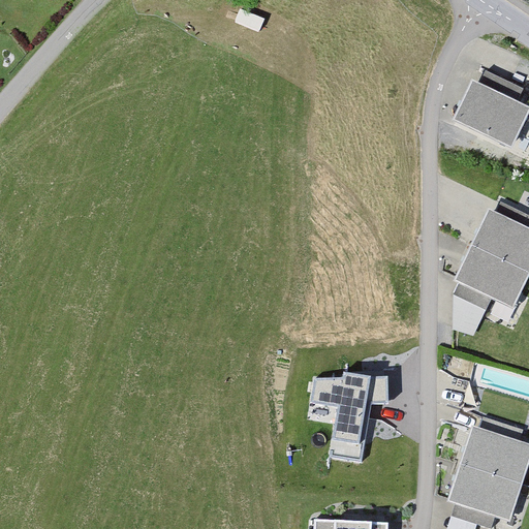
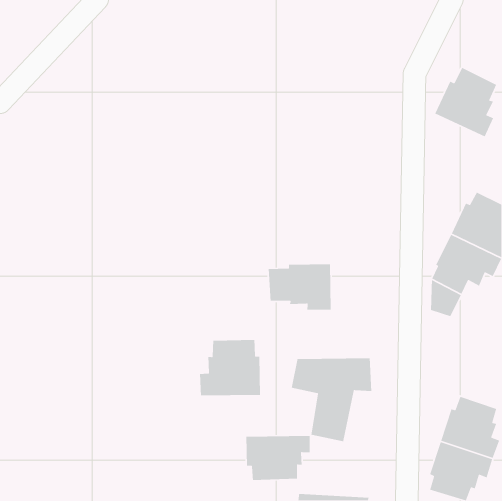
building: none -> [268,263,331,310]
building: none -> [199,339,261,396]
building: none -> [245,435,311,481]

